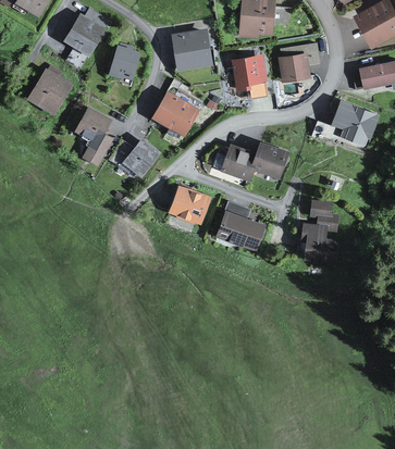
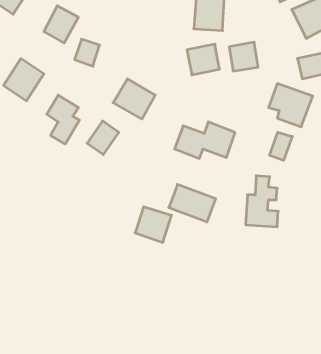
building: [173,28,214,71] -> none
building: none -> [270,132,292,160]
building: [169,188,210,228] -> [135,207,172,242]

